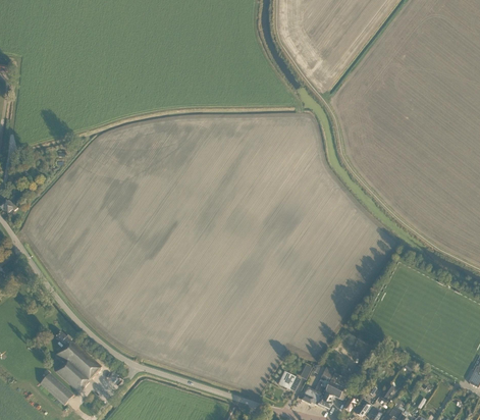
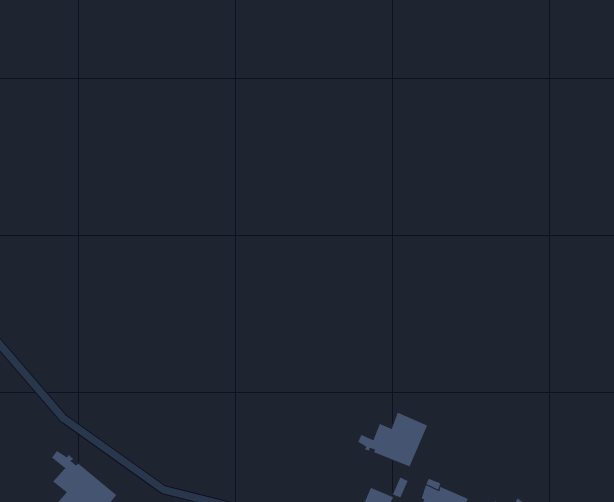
building: none -> [357,412,428,467]

